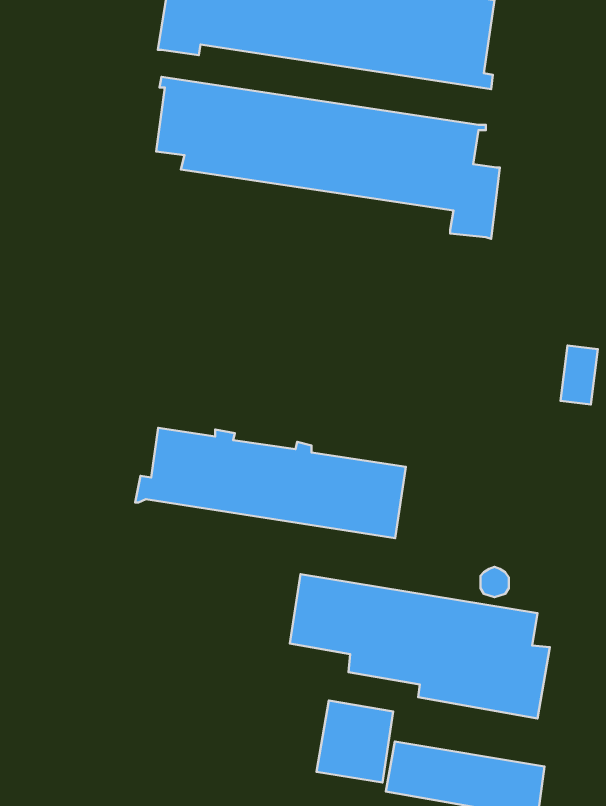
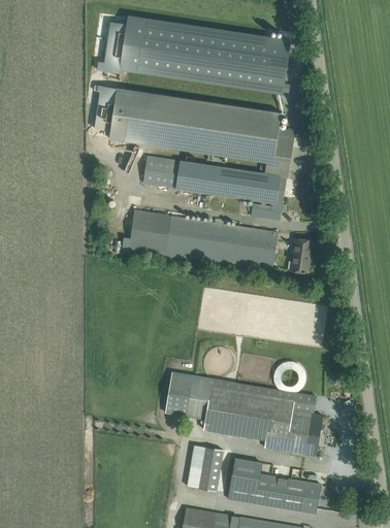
building: none -> [142,157,285,220]
building: [560,346,598,404] -> [290,238,312,272]
building: [135,428,406,538] -> [121,209,278,273]

